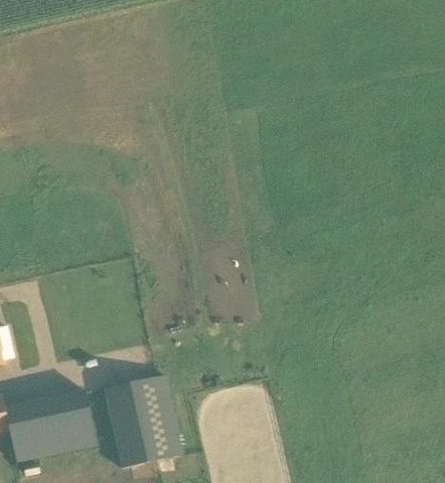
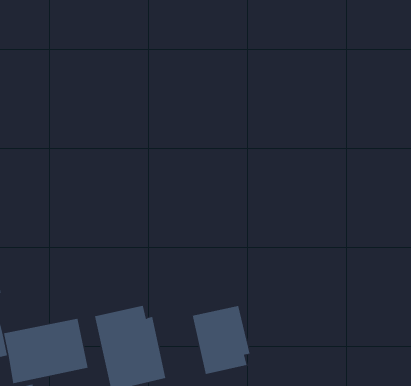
building: none -> [192,305,250,375]

